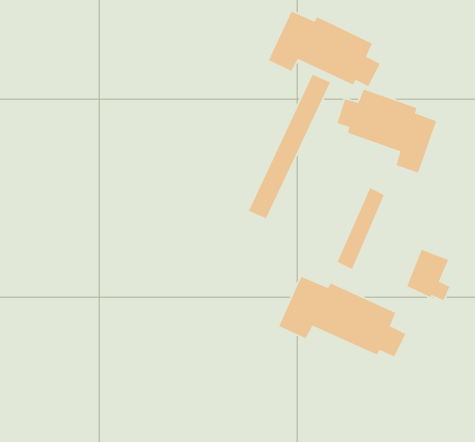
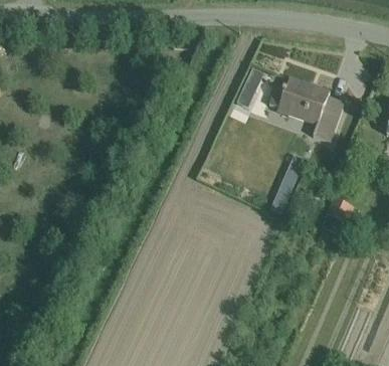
building: [268,11,381,87] -> none
building: [278,276,407,358] -> none

